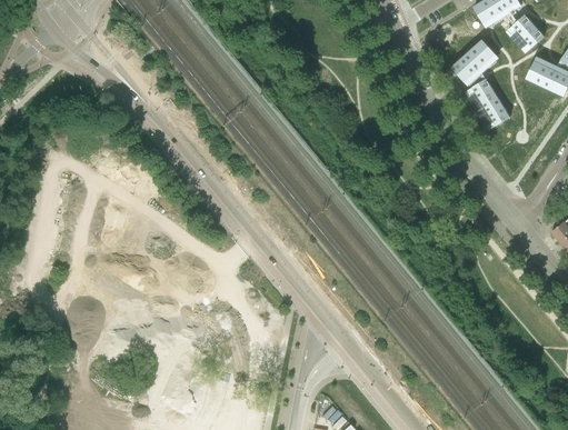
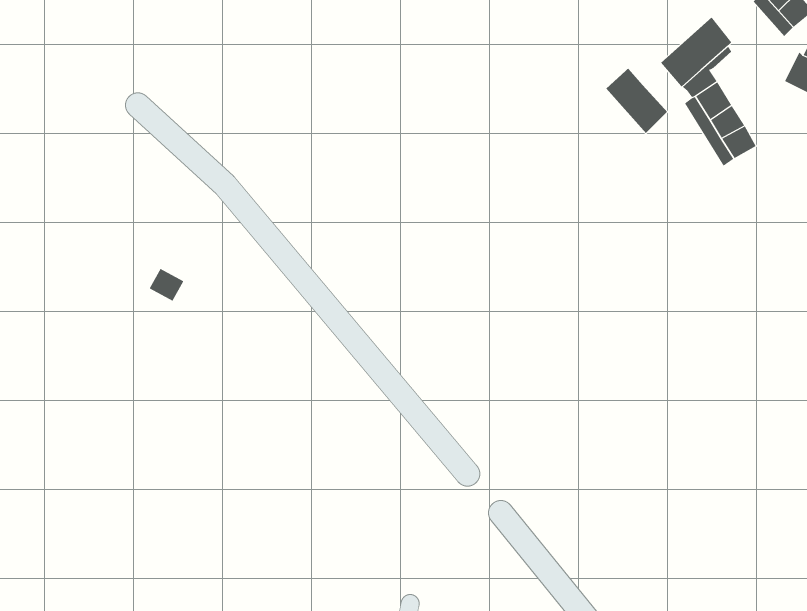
building: none -> [605,67,668,134]

